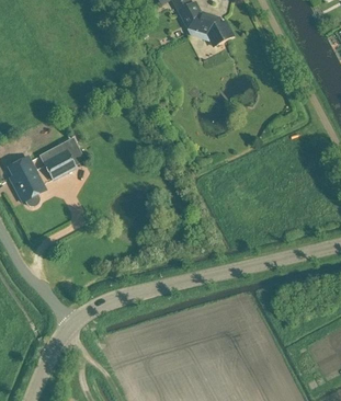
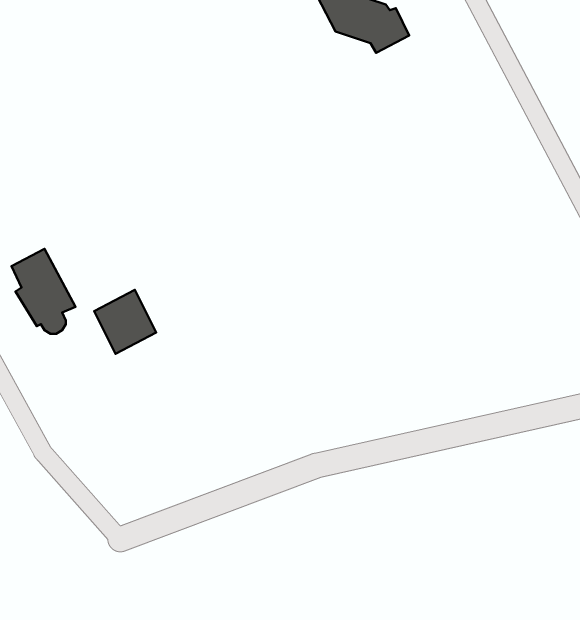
building: [38,142,73,179] -> [94,290,156,354]

